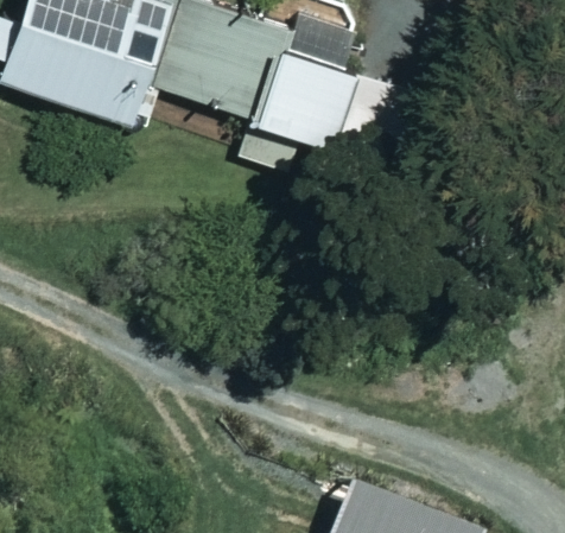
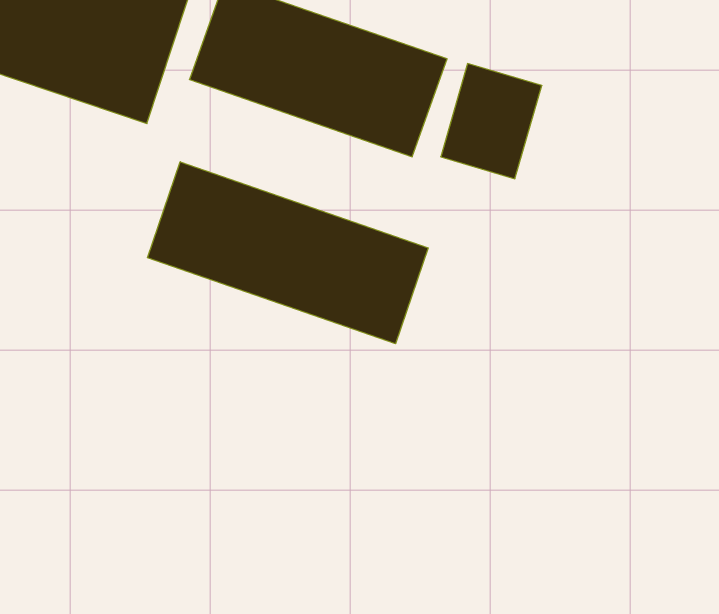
building: none -> [148,162,428,344]

